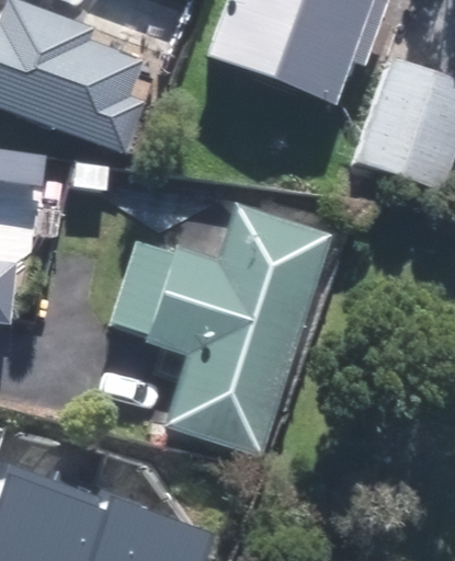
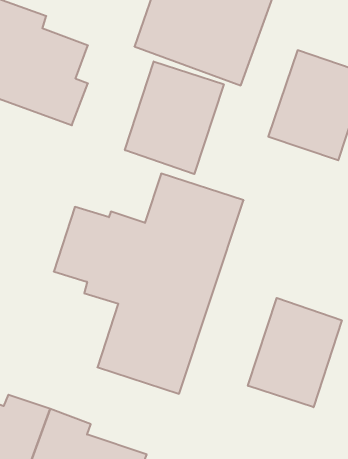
building: none -> [125,61,224,174]
building: none -> [248,298,342,407]

